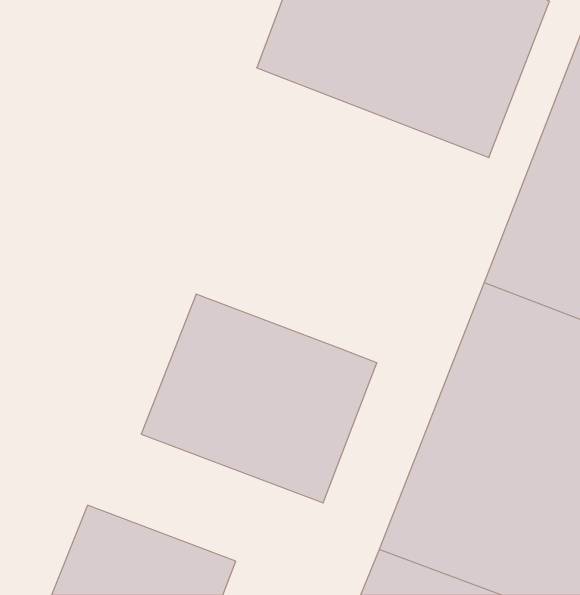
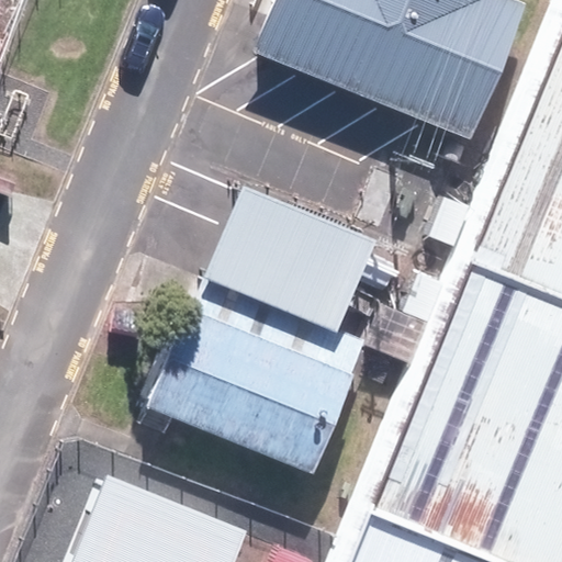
building: none -> [200,186,371,328]

